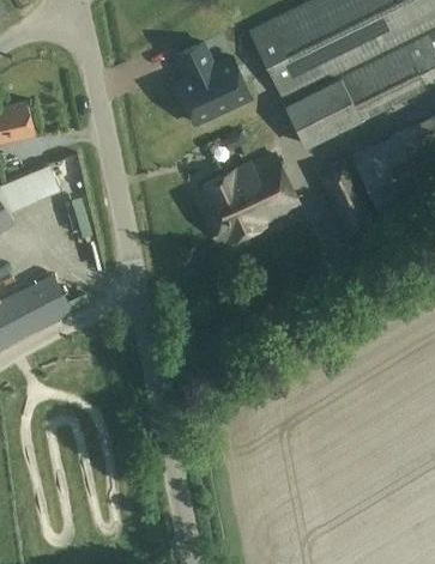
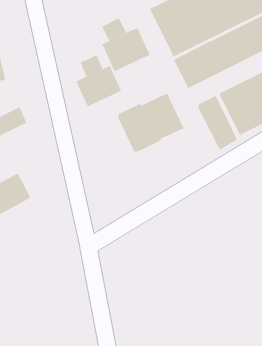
building: none -> [75,55,122,107]

